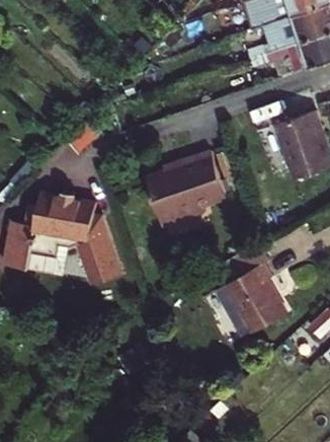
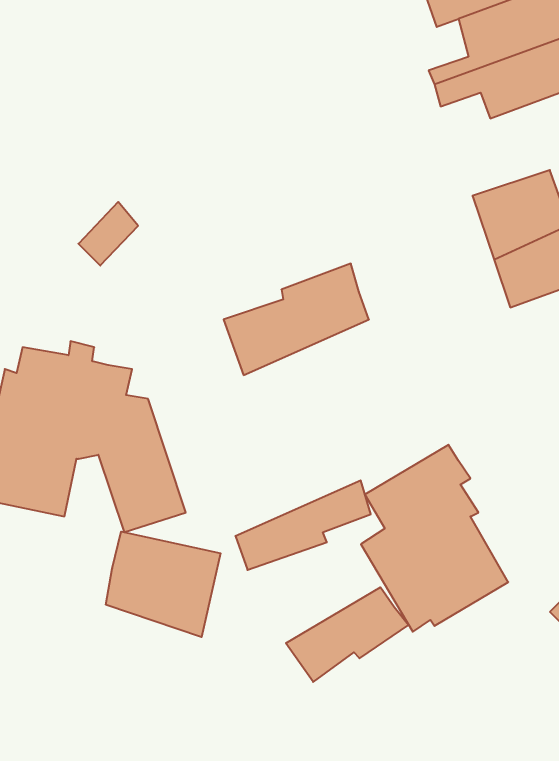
building: [154,177,223,223] -> [235,480,371,570]
building: none -> [106,532,221,637]
building: none -> [286,587,409,682]

